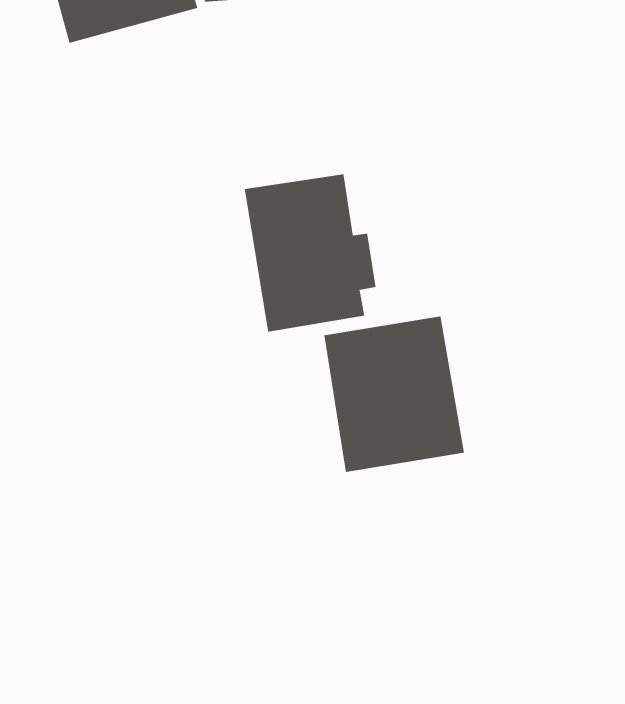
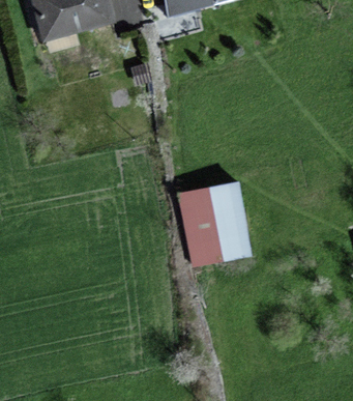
building: [244,173,376,332] -> none

